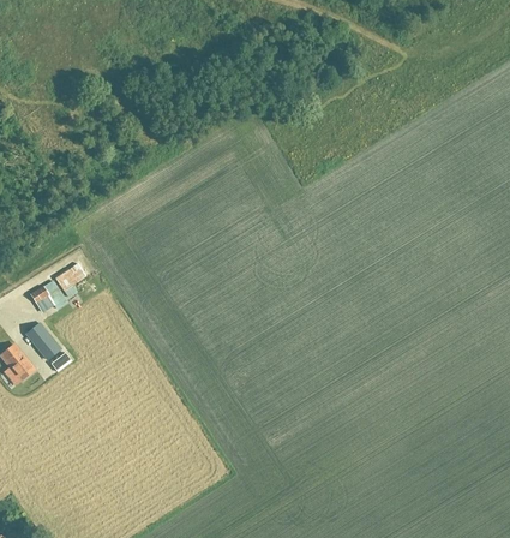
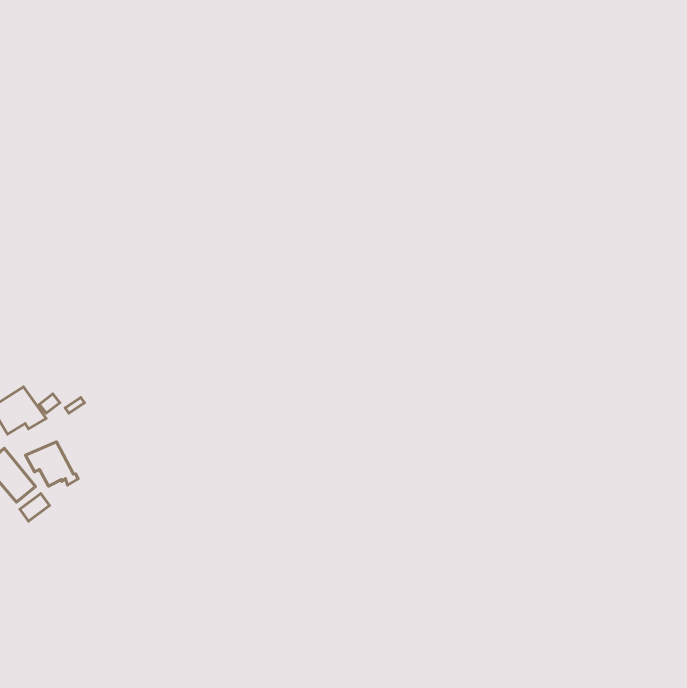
building: none -> [26,442,78,486]

